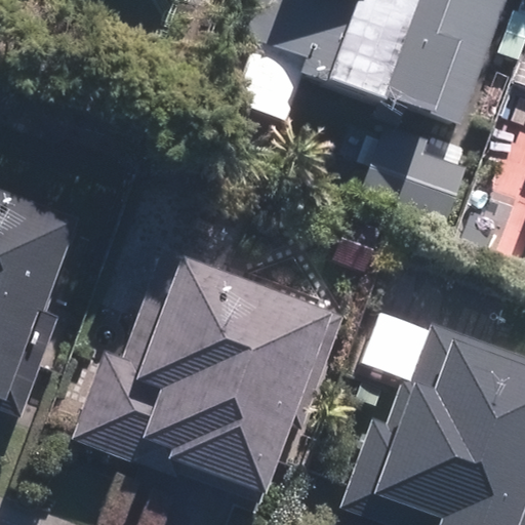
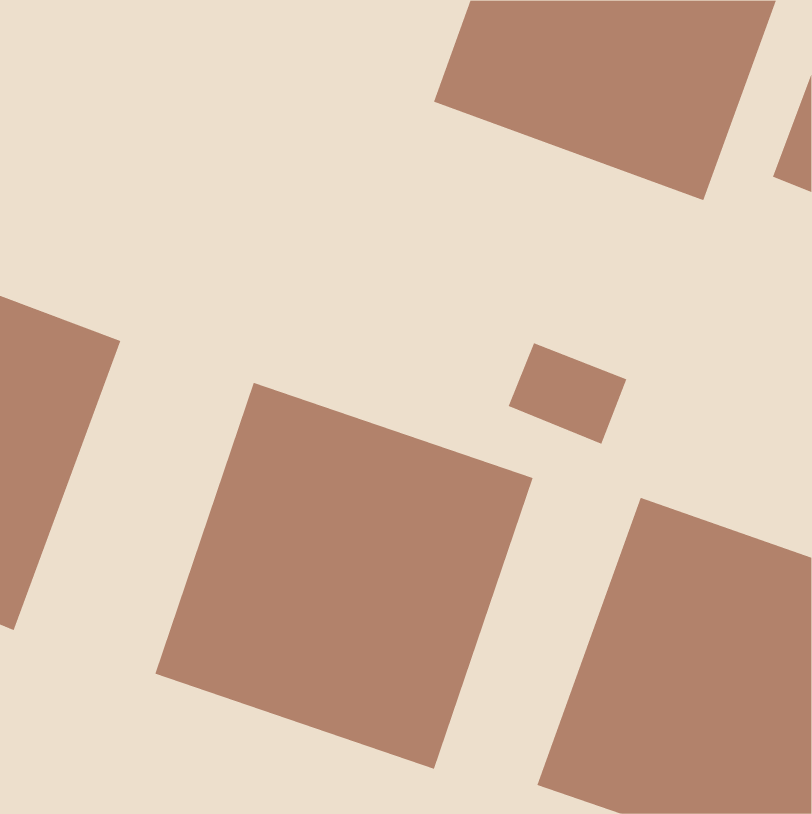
building: [356,128,471,227] -> none

